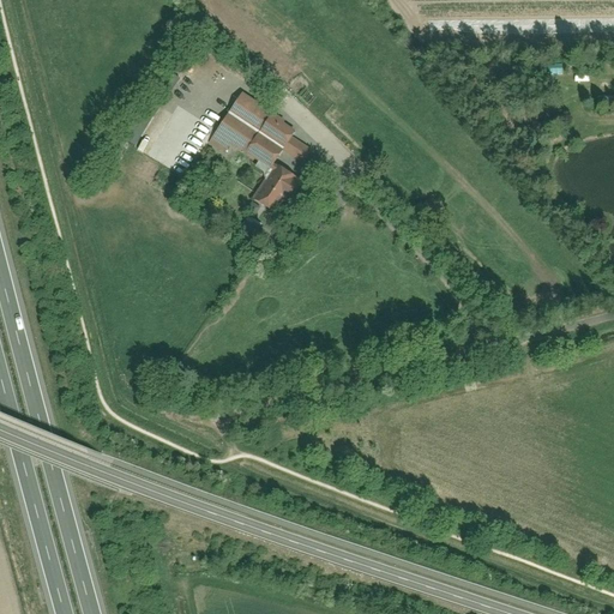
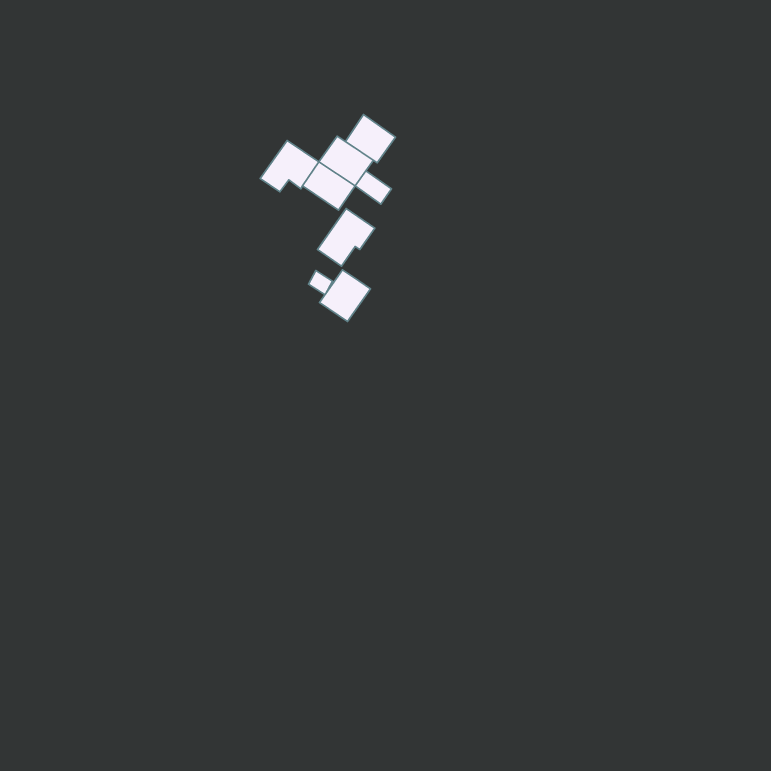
building: [228,90,267,128] -> [345,114,395,163]
building: none -> [320,270,371,321]

